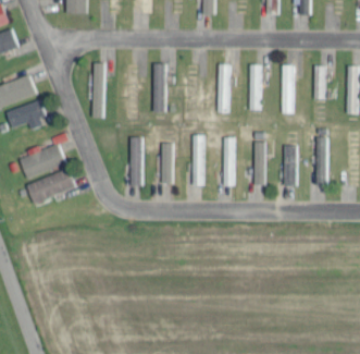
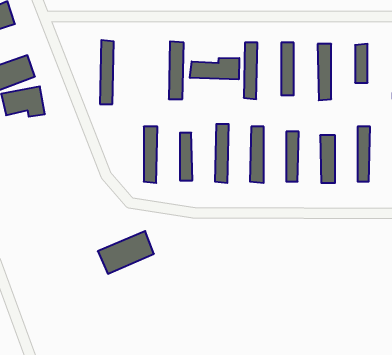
building: none -> [190,58,239,79]
building: [18,144,65,179] -> none
building: [26,168,75,205] -> [98,231,154,274]

